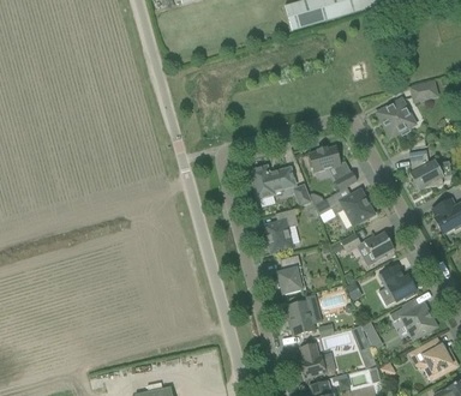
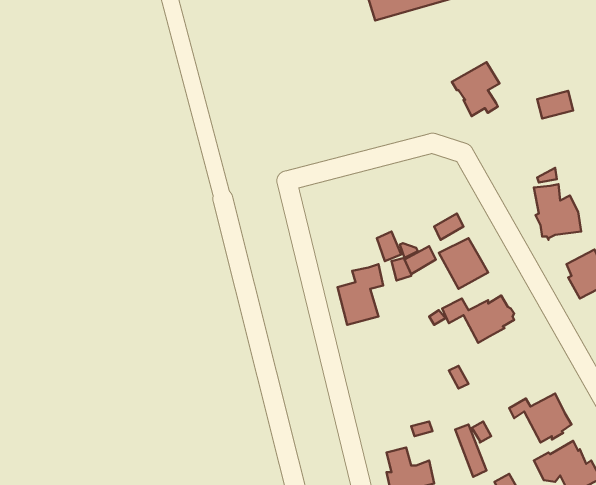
building: [377,97,412,137] -> [452,62,499,116]
building: [309,145,351,174] -> none
building: [251,164,295,198] -> none
building: [277,253,304,294] -> none
building: [379,264,418,305] -> none
building: [288,299,315,335] -> none

